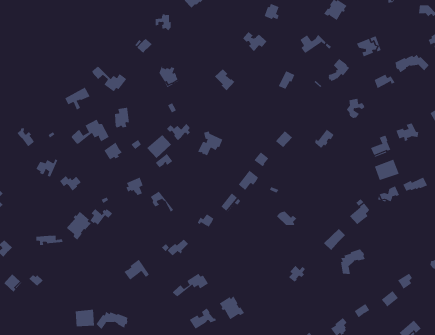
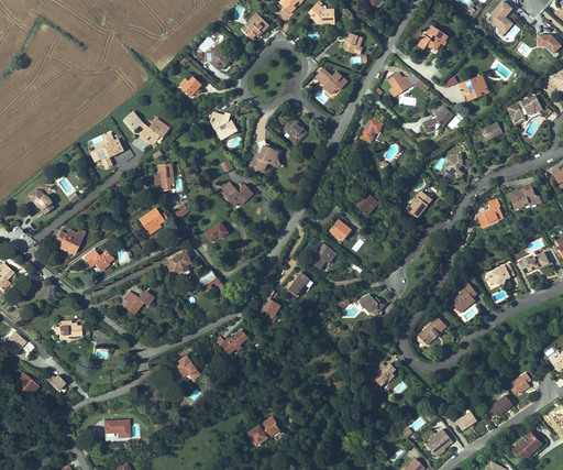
building: [71,119,110,145] -> none
building: [197,131,223,156] -> [250,140,283,172]
building: [146,134,172,159] -> none
building: [374,159,399,181] -> none
building: [66,211,92,240] -> none
building: [340,248,366,275] -> none
building: [172,273,209,297] -> none
building: [219,296,245,320] -> none
building: [96,311,128,330] -> none

